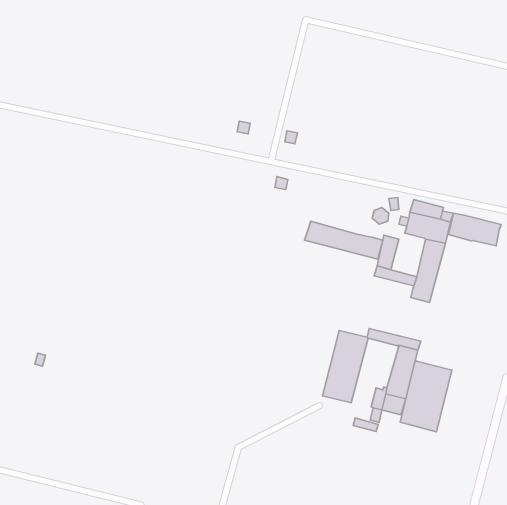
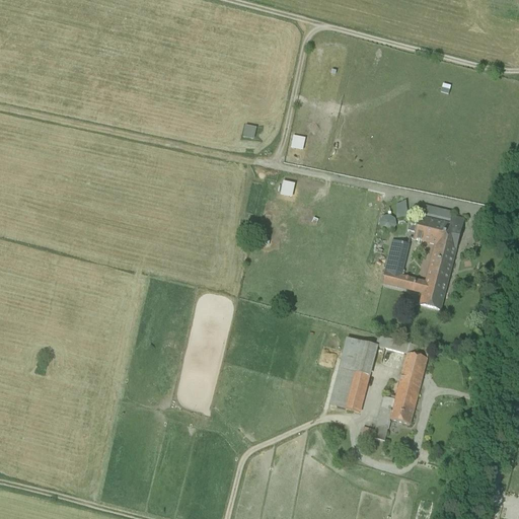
building: [448,213,501,246] -> none
building: [304,221,383,259] -> none
building: [400,361,452,432] -> none

